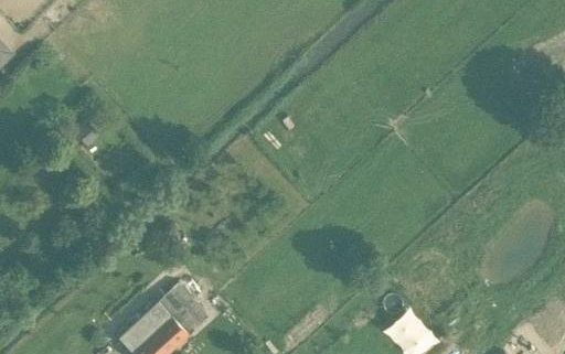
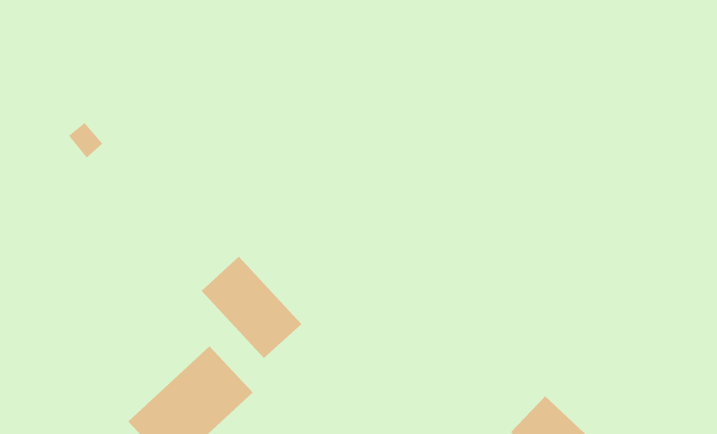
building: none -> [201,256,302,359]

